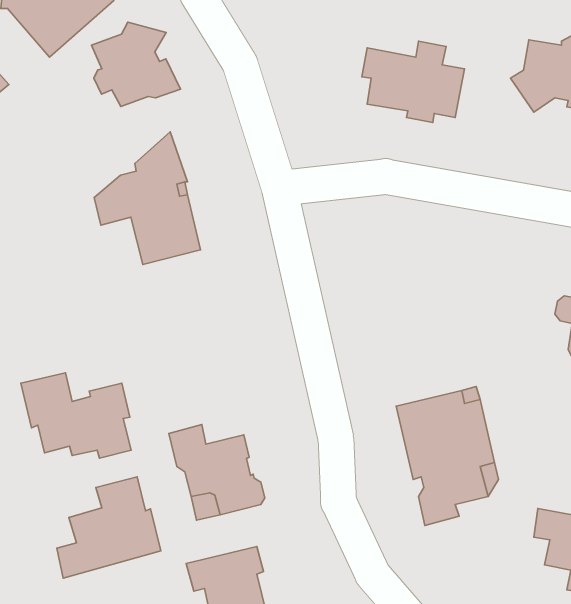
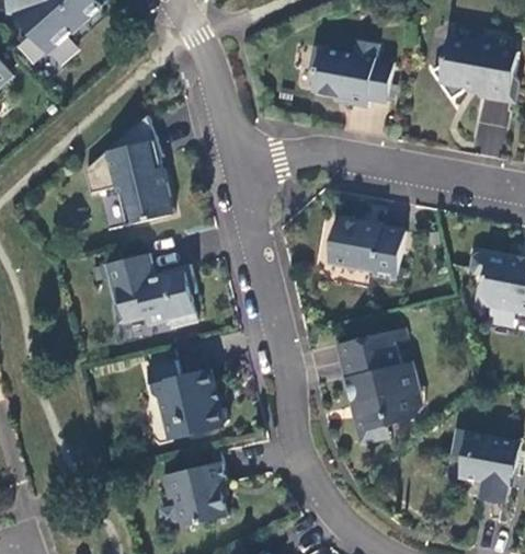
building: [91,22,180,107] -> none
building: none -> [327,218,403,279]
building: [21,373,131,458] -> [104,255,196,326]
building: [57,477,161,578] -> none

